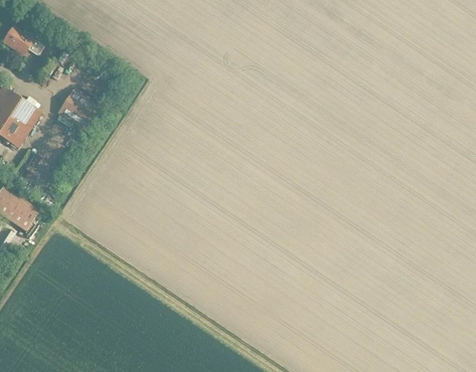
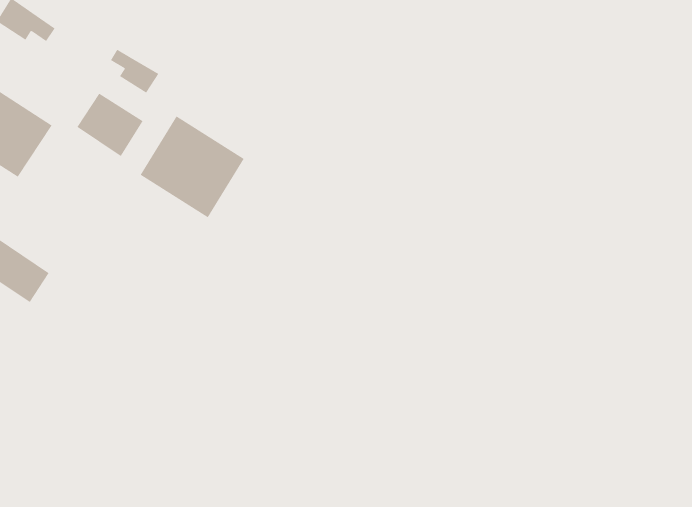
building: none -> [110,49,159,94]
building: none -> [140,116,244,218]

